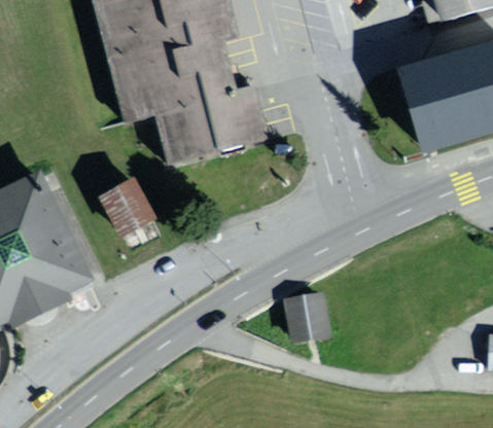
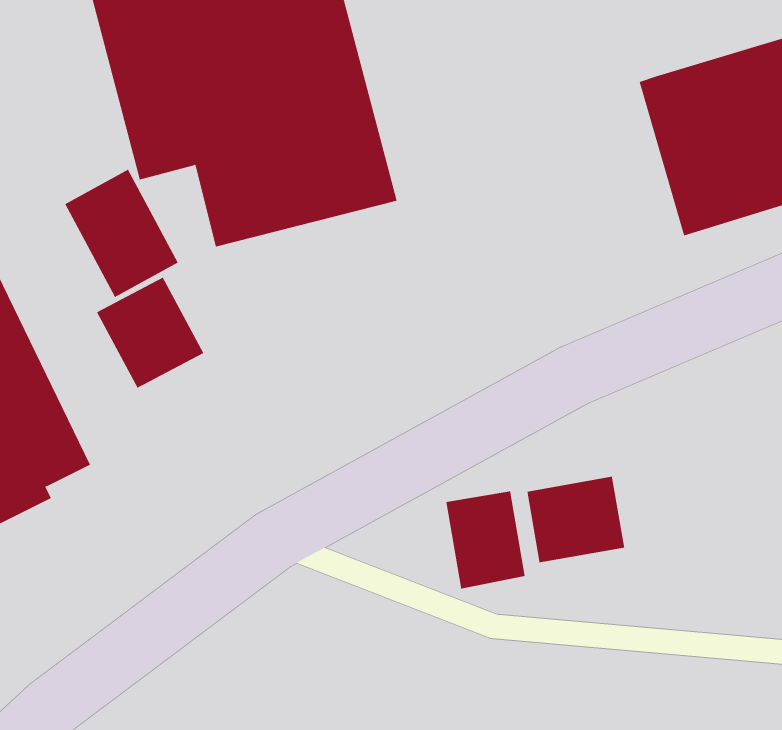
building: none -> [64,169,178,298]
building: none -> [527,476,625,563]

